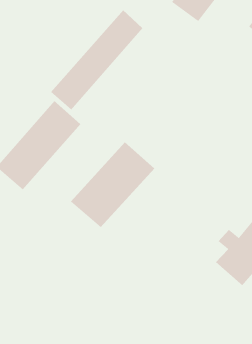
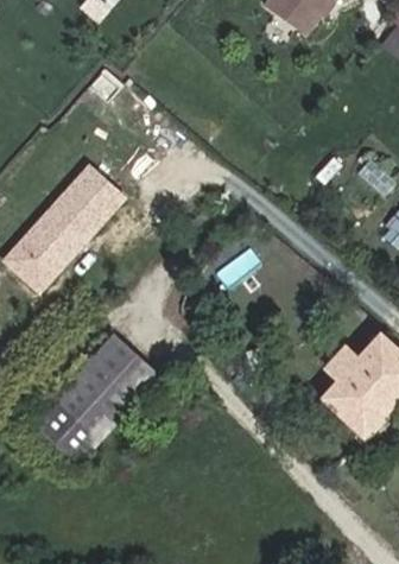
building: [50,10,143,111] -> none
building: [70,141,155,228] -> [34,334,160,462]

